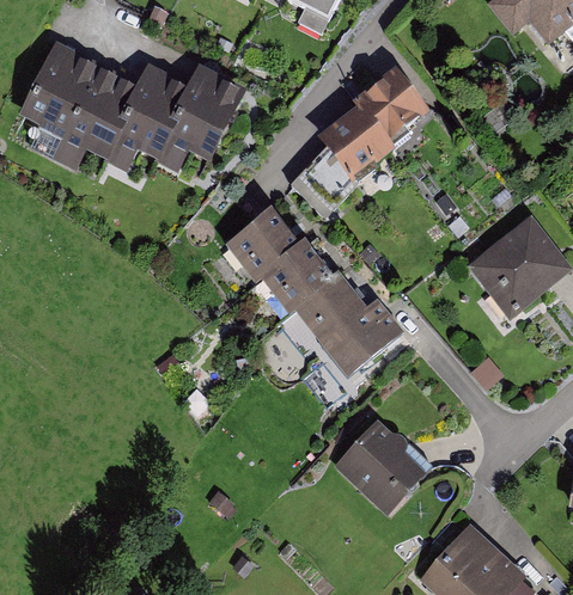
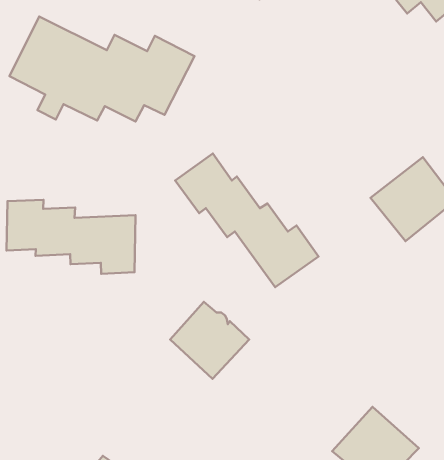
building: [289,67,427,215] -> none
building: none -> [6,200,136,274]
building: [335,419,433,515] -> [170,302,249,379]

